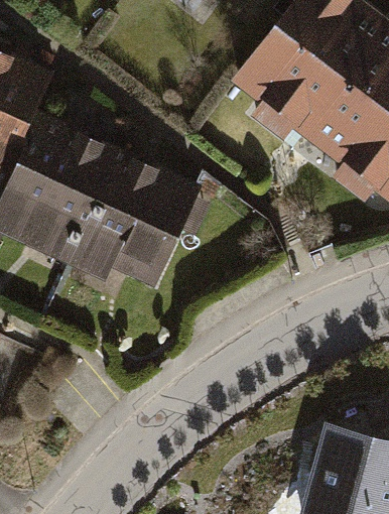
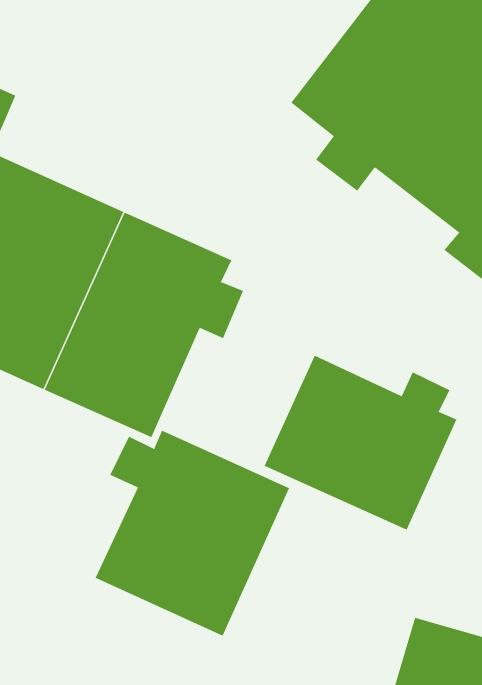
building: none -> [264,355,457,531]
building: none -> [95,430,290,636]

